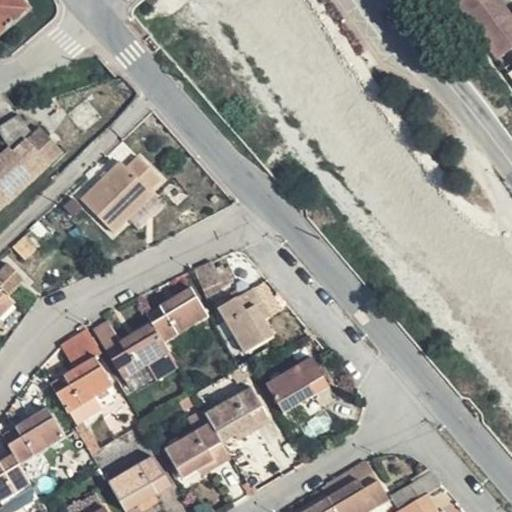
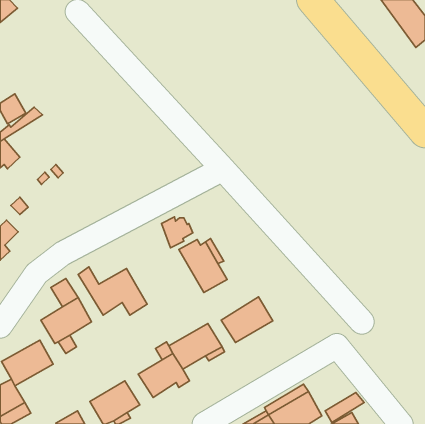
building: [5,138,63,189] -> none
building: [81,157,159,232] -> none
building: [147,289,206,342] -> none

